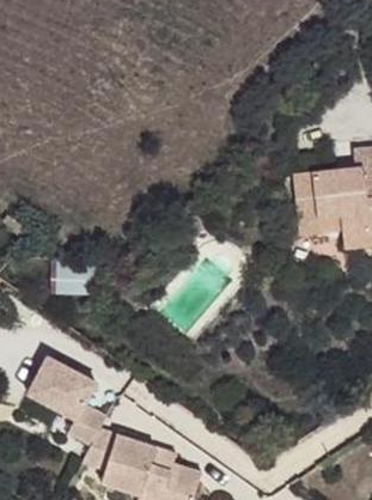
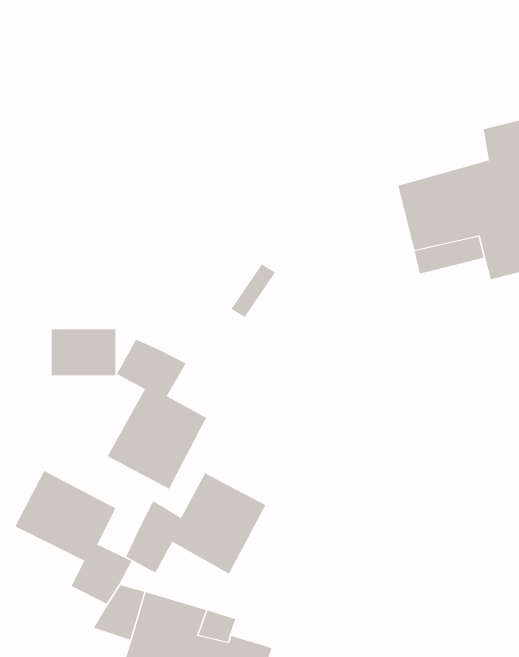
building: none -> [107,339,207,490]
building: none -> [126,472,266,574]

